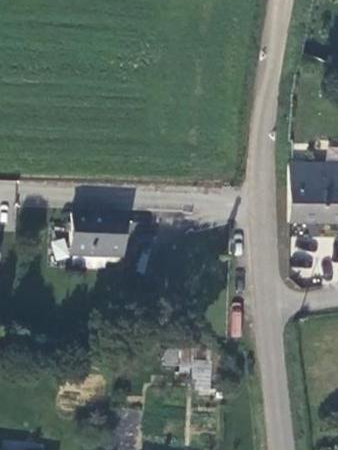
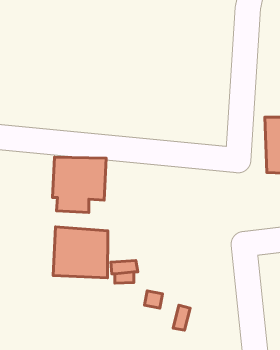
building: none -> [53,227,108,278]

